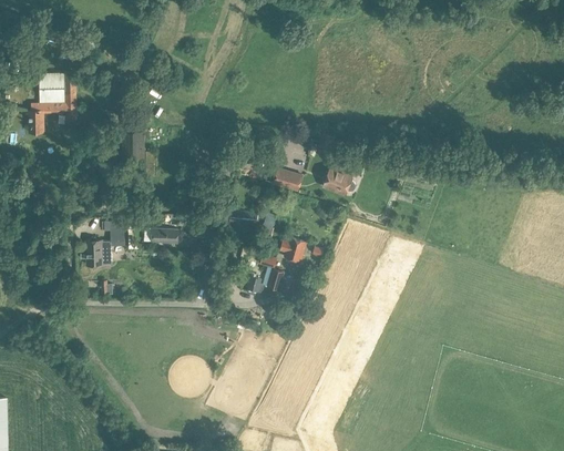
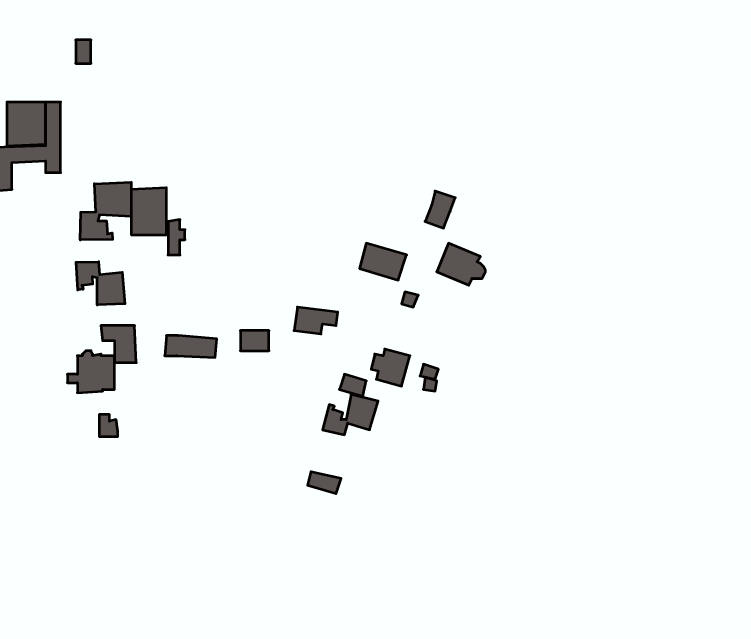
building: none -> [80,182,131,240]
building: none -> [76,262,125,305]

